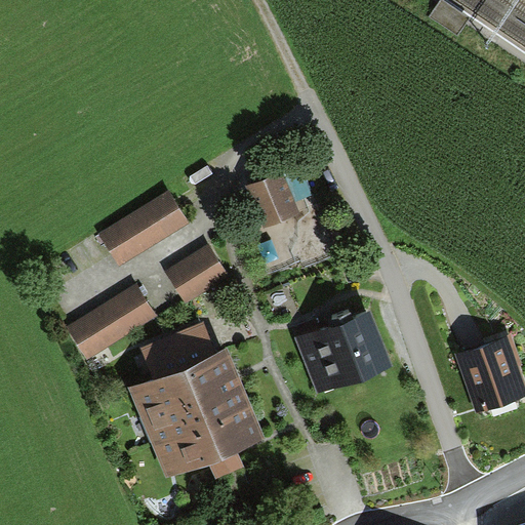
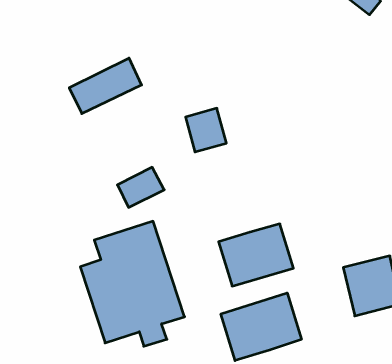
building: [95,194,185,268] -> [69,58,142,114]
building: [65,288,154,366] -> none
building: none -> [221,293,301,361]

